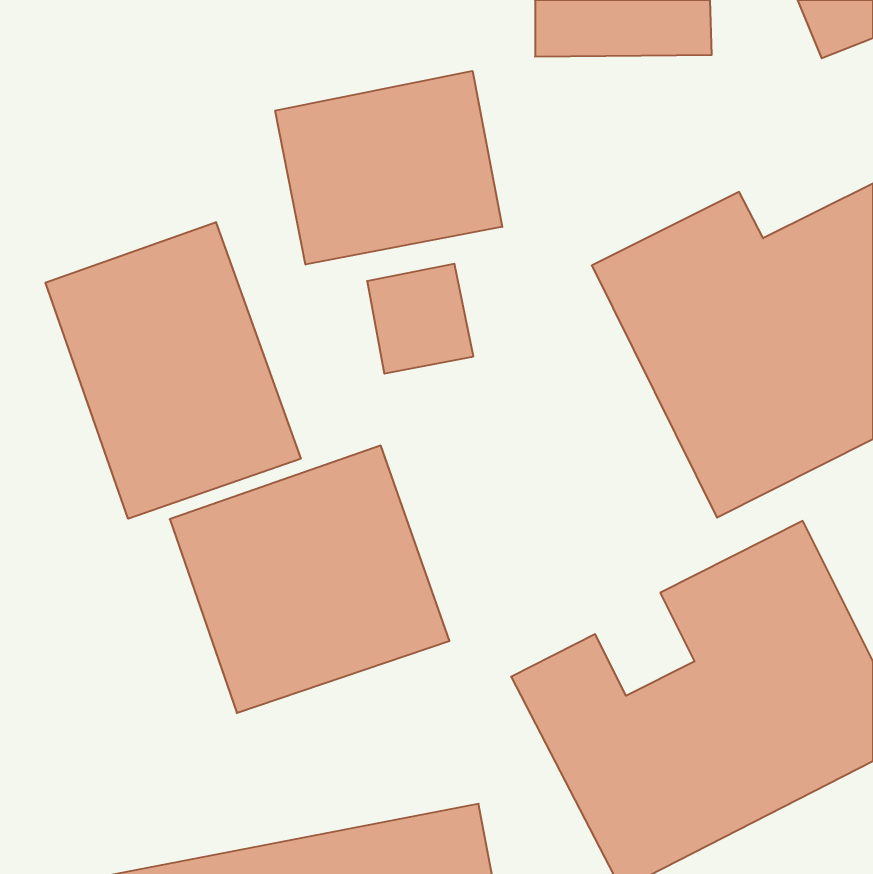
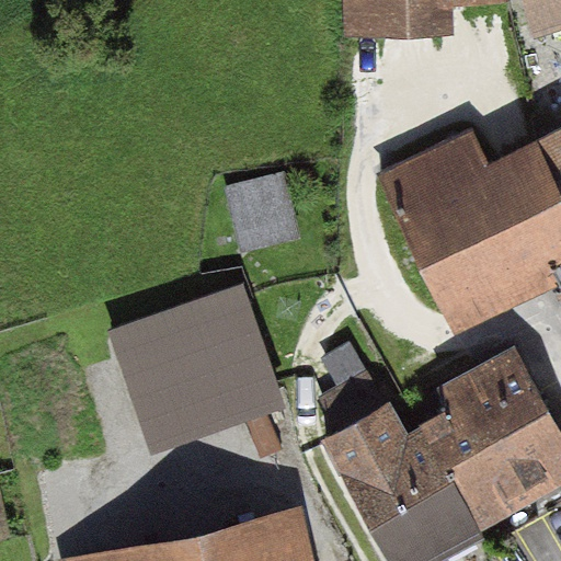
building: [275,71,502,265] -> none
building: [46,222,301,519] -> none

